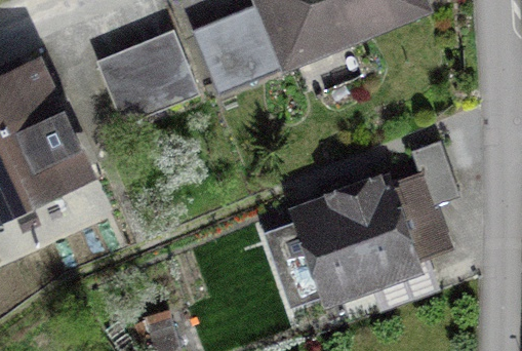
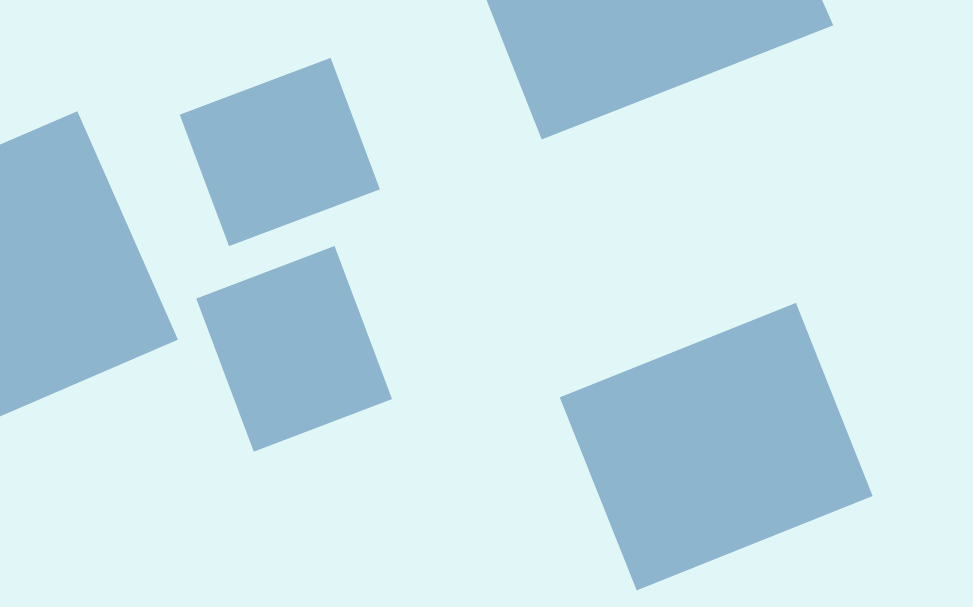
building: [192,10,275,92] -> none
building: none -> [196,245,393,452]

